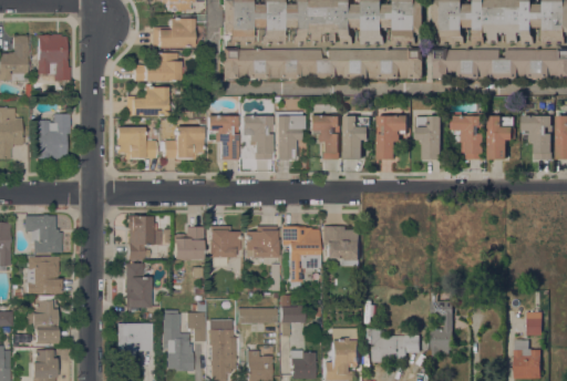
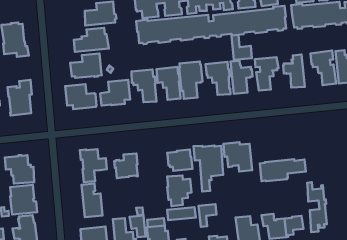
building: none -> [232,35,252,60]
building: [208,225,240,266] -> [167,176,191,206]
building: none -> [260,159,306,181]

